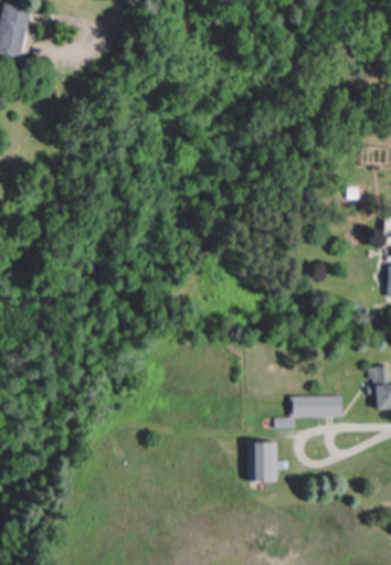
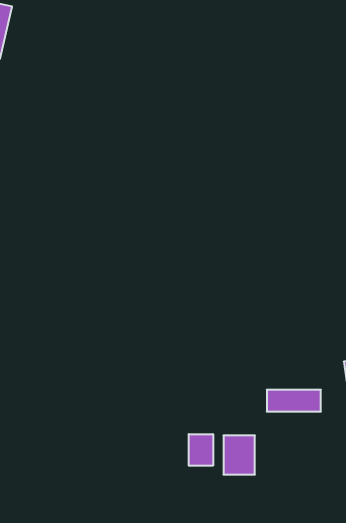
building: none -> [189,434,213,466]

